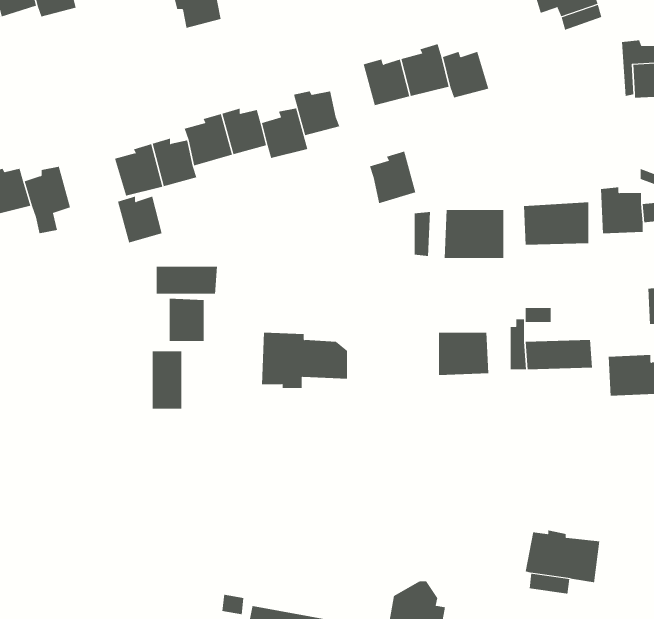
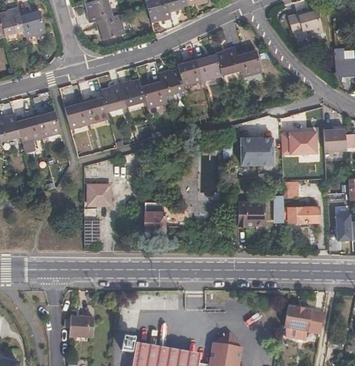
building: [369,151,416,204] -> [178,59,203,87]
building: [117,196,162,243] -> [36,110,60,135]
building: none -> [70,316,95,340]

